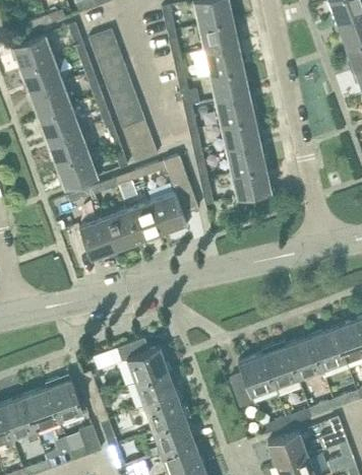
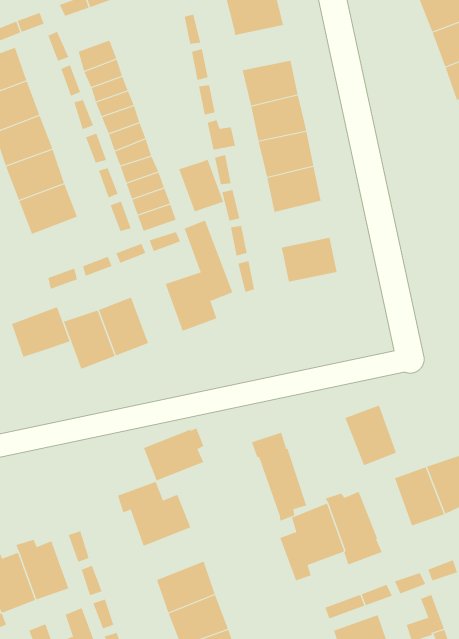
building: [198,19,238,51] -> none
building: none -> [178,159,224,212]
building: [226,142,265,175] -> none
building: [56,153,98,189] -> [11,307,71,357]
building: [126,200,162,242] -> none
building: none -> [251,432,307,522]
building: [286,336,322,379] -> [345,405,397,466]
building: [134,369,177,407] -> [143,427,204,481]

